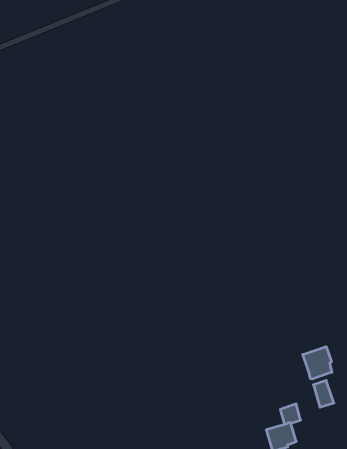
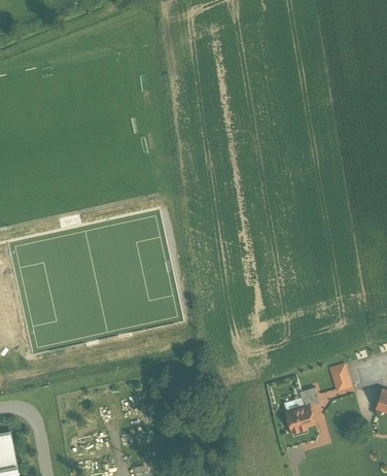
building: [303,347,332,379] -> none

